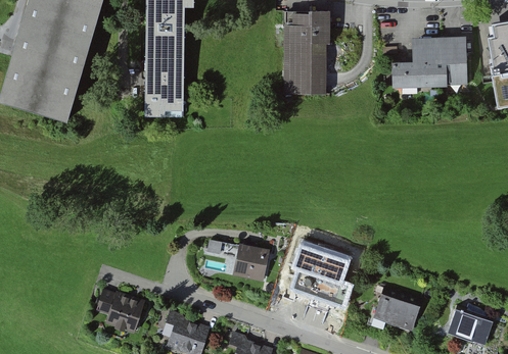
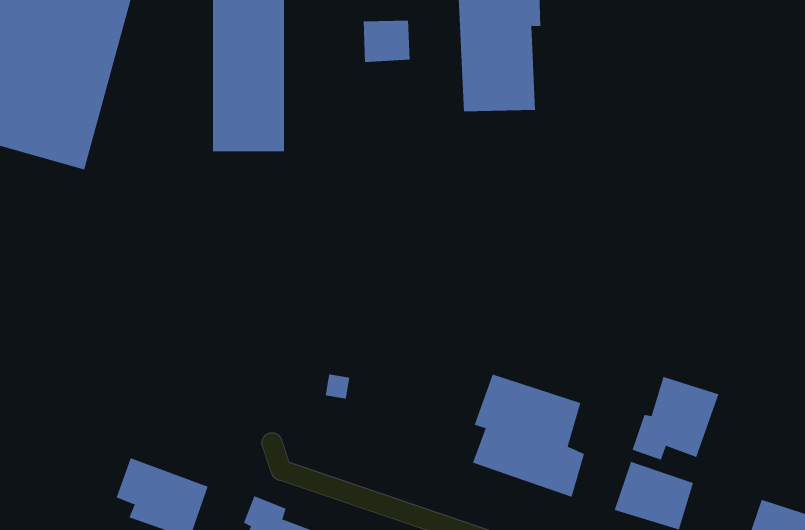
building: [390,37,469,86] -> none
building: none -> [363,20,410,63]
building: none -> [632,376,719,460]
building: [233,244,270,282] -> none

